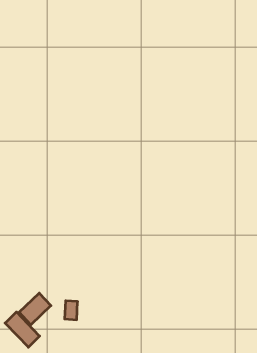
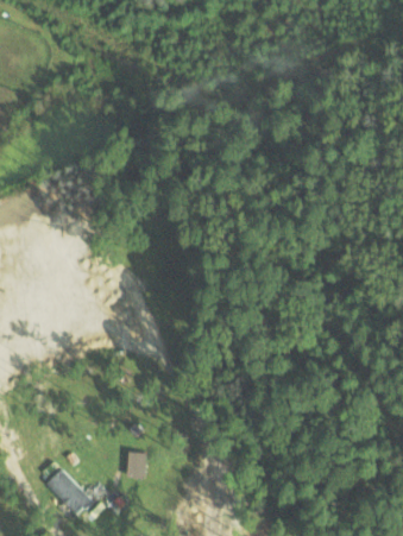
building: [19,293,51,325] -> none

